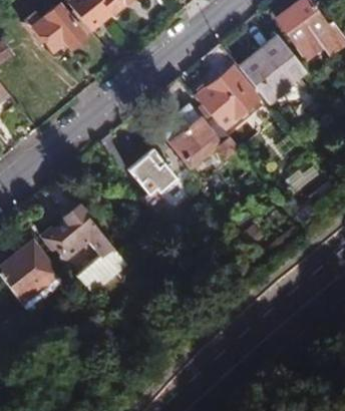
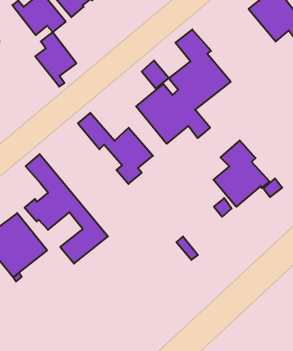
building: [240,36,308,103] -> none
building: none -> [35,32,76,87]
building: none -> [213,140,270,207]

